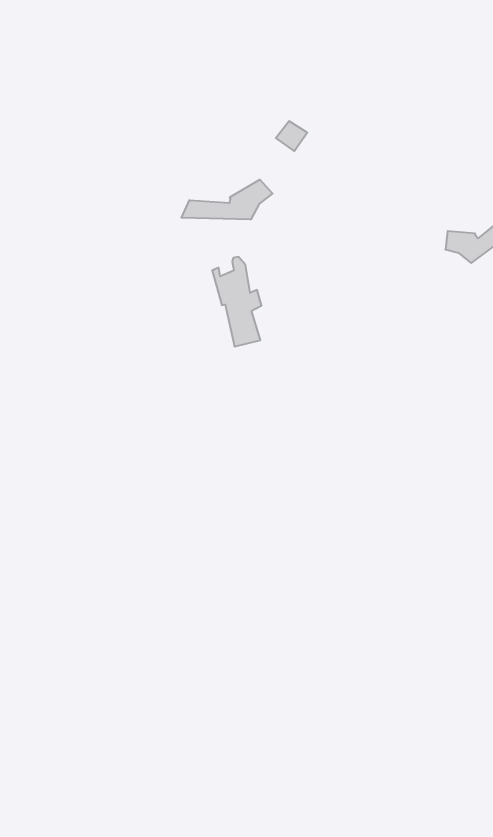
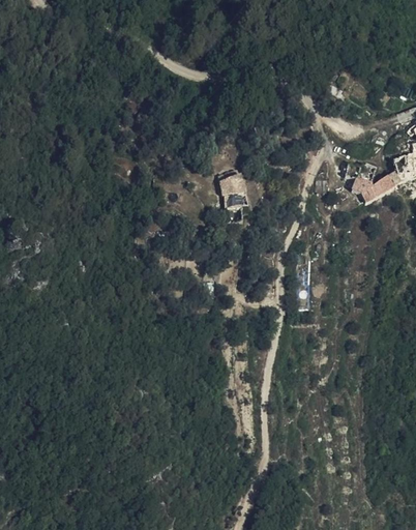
building: [181,180,273,220] -> none

